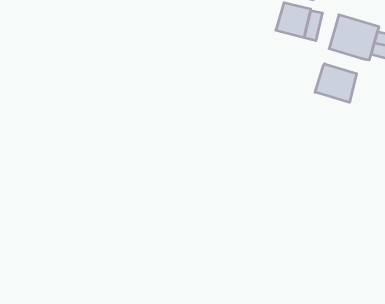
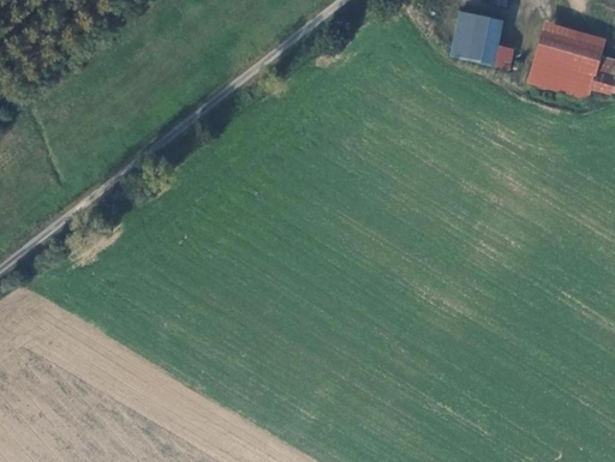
building: [315,64,357,102] -> none

